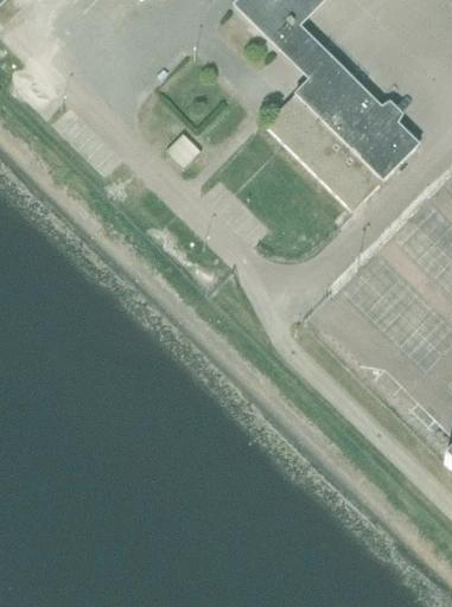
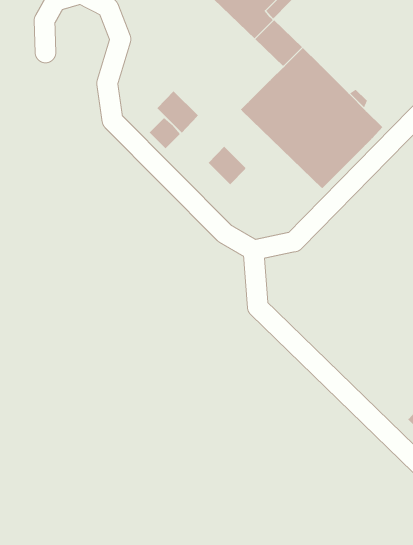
building: none -> [156,90,199,133]
building: none -> [208,146,247,185]

